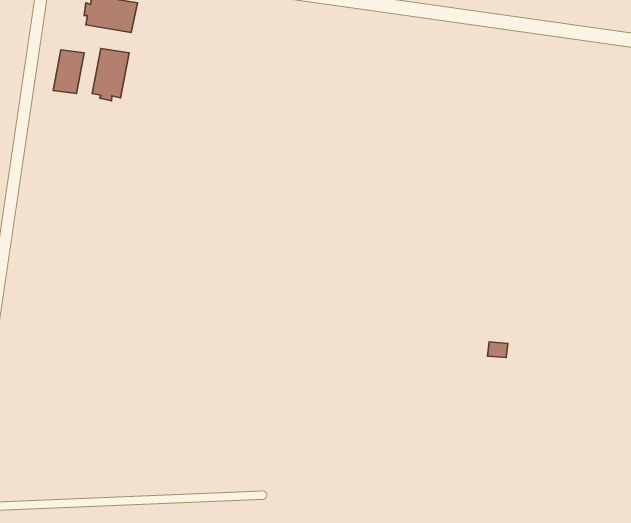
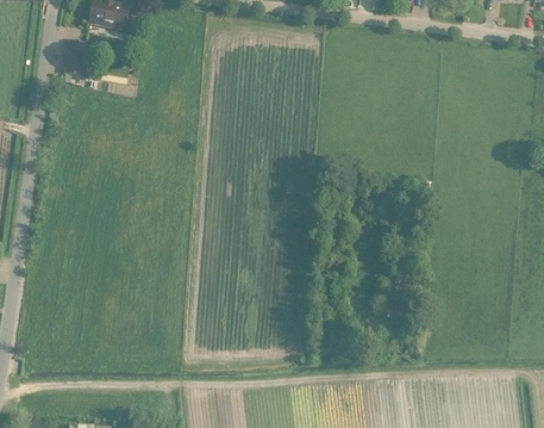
building: [92,48,129,101] -> none

